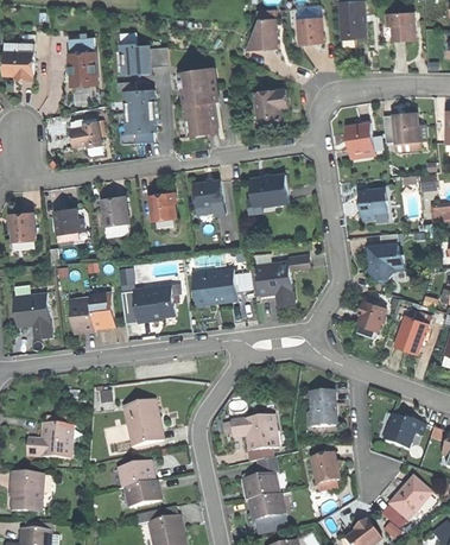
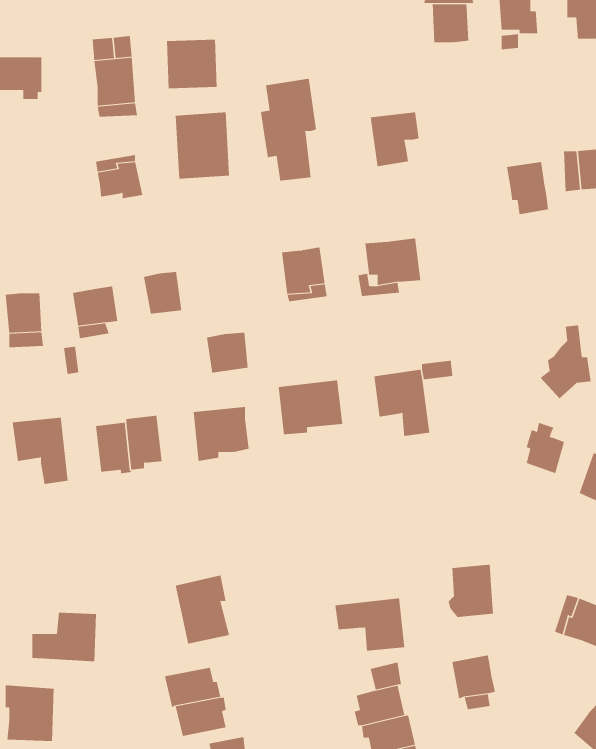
building: [245,19,277,50] -> none
building: [357,188,387,220] -> none
building: [148,192,177,220] -> [206,332,249,373]

